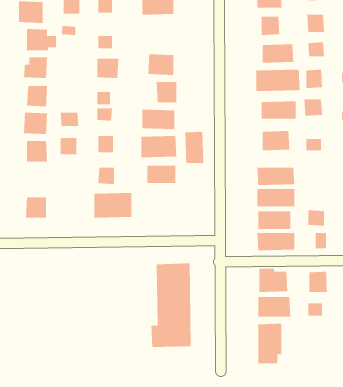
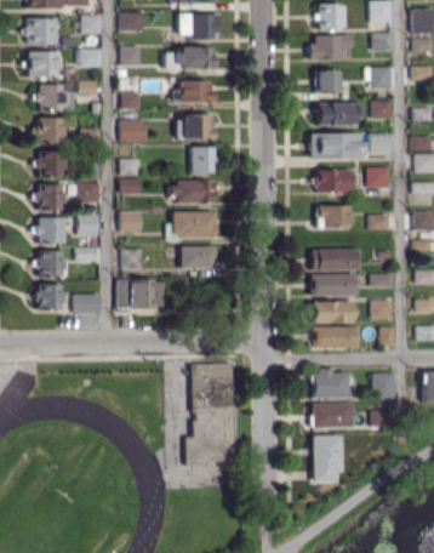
building: none -> [181,80,212,102]
building: [185,131,204,164] -> none
building: none -> [40,250,63,277]
building: none -> [74,293,102,313]

